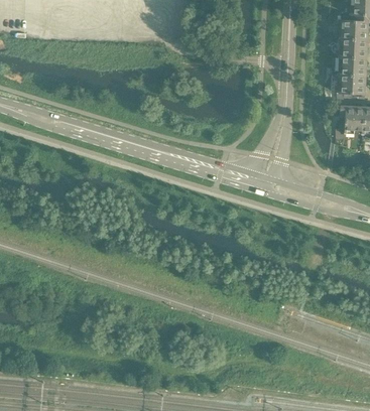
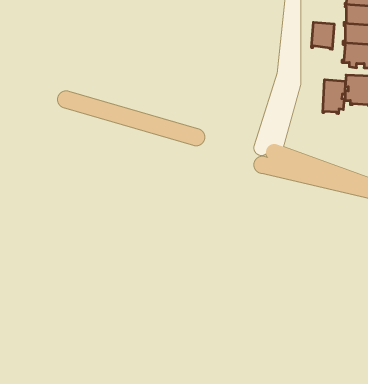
building: none -> [312,22,334,49]
building: none -> [323,80,345,114]

